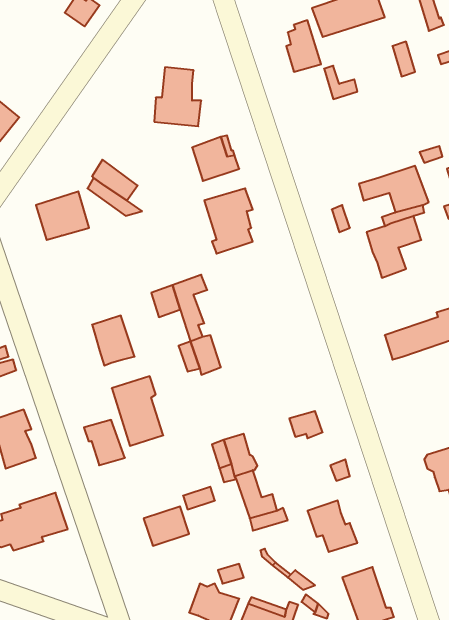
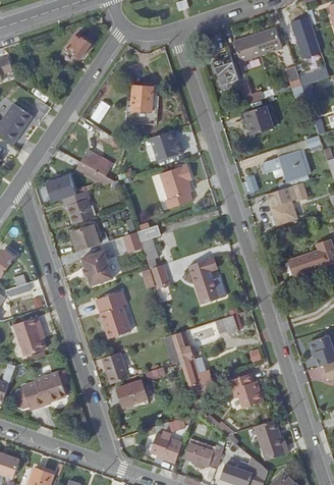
building: none -> [244,107,271,134]
building: none -> [64,188,94,220]
building: none -> [74,221,104,249]
building: none -> [188,257,225,304]
building: [84,420,125,465] -> [103,351,130,381]

